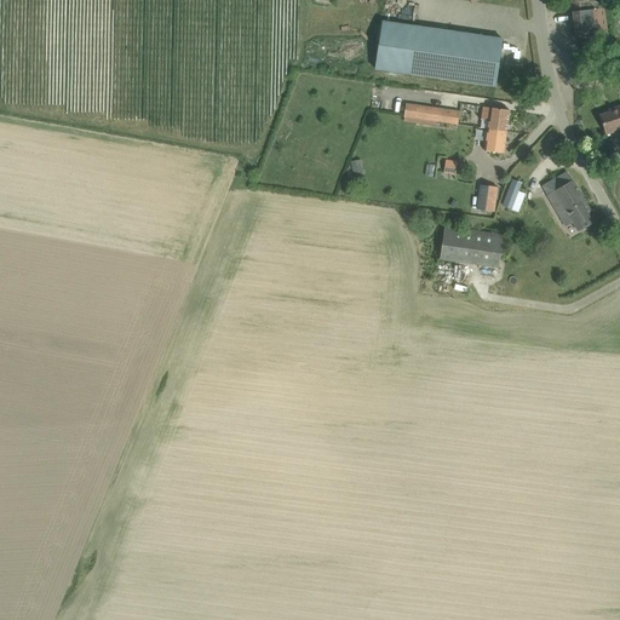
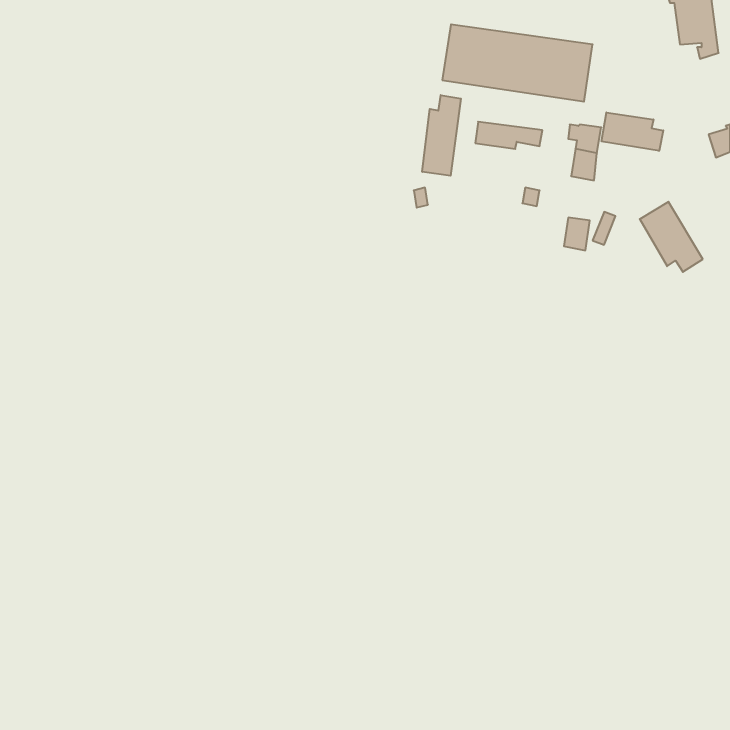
building: none -> [422,95,461,176]
building: none -> [602,112,663,151]
building: [438,225,503,268] -> none

